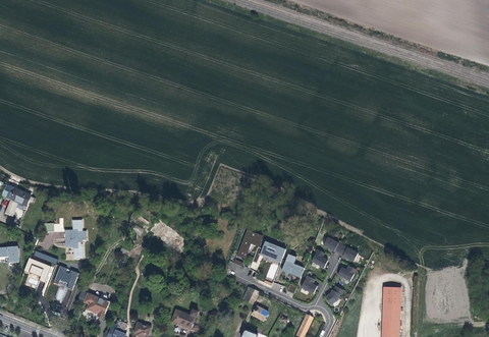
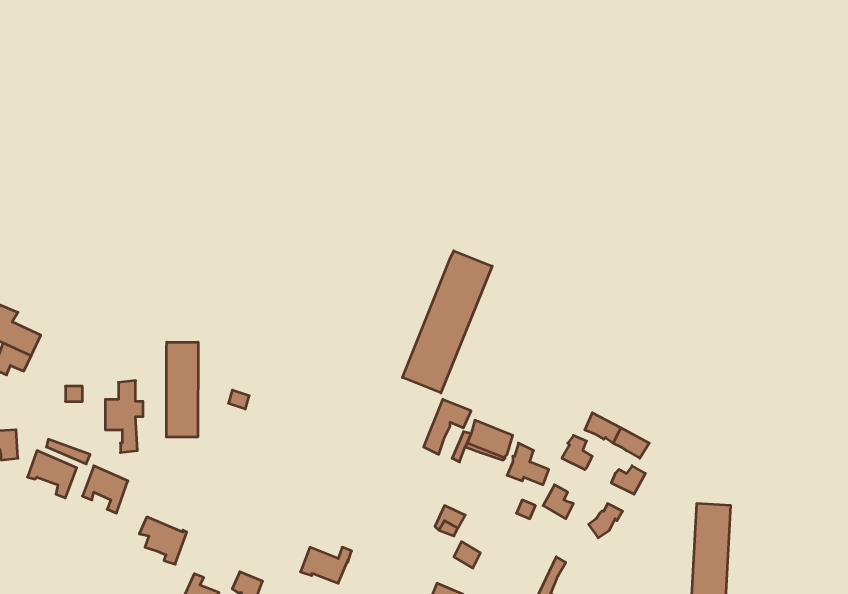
building: none -> [402,251,492,393]
building: none -> [166,342,198,437]

